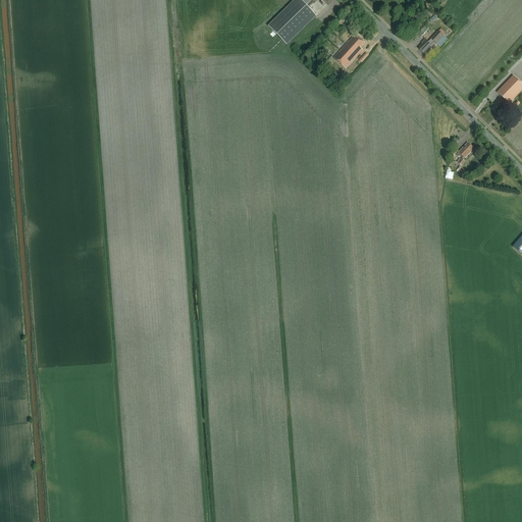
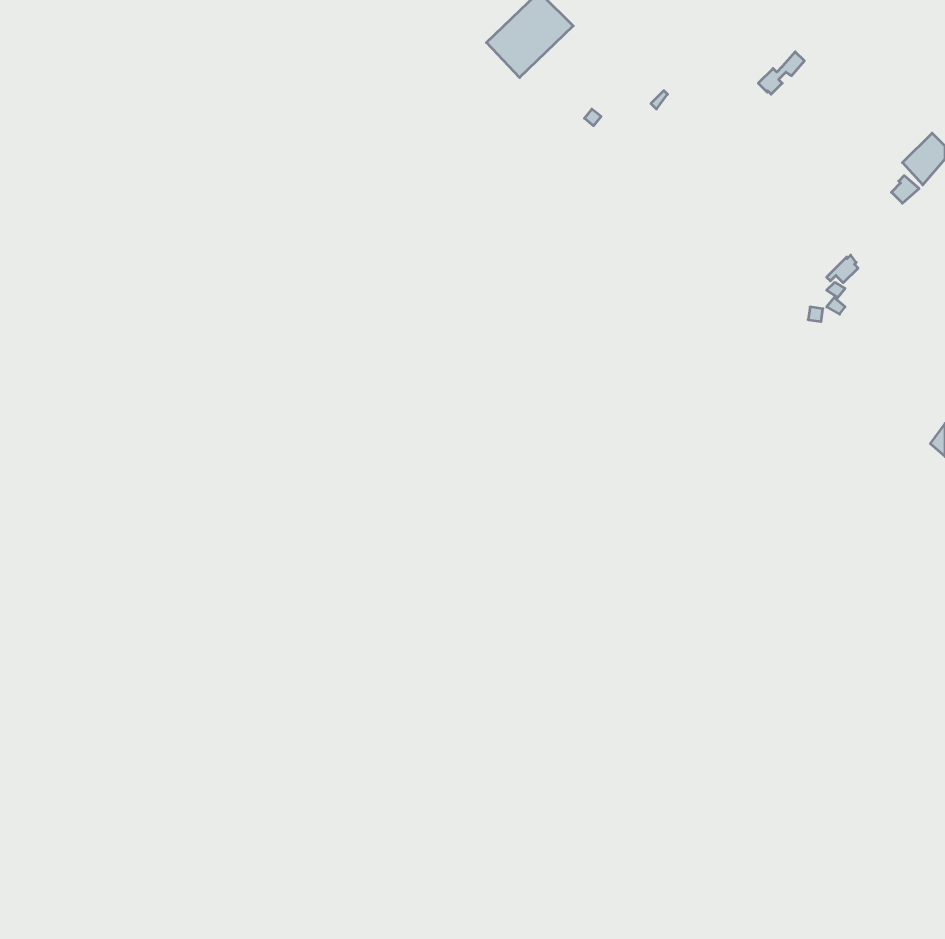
building: [333,34,364,66] -> none

